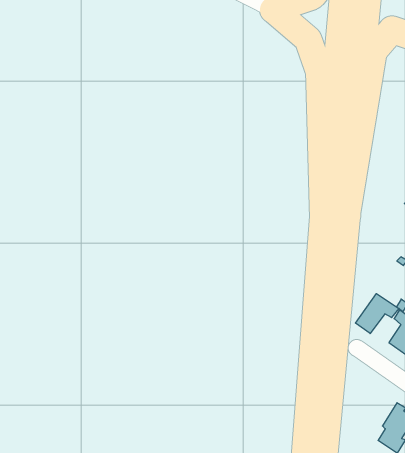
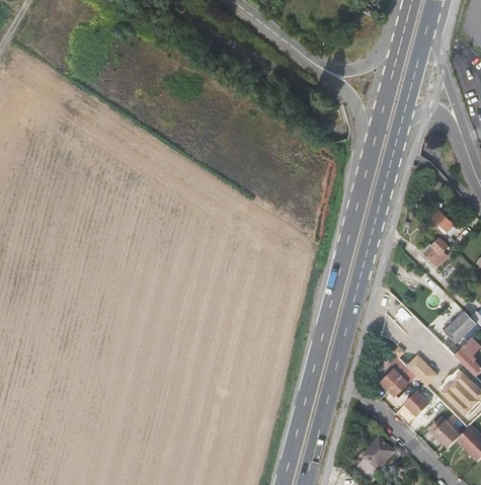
building: [355,294,399,334] -> none

